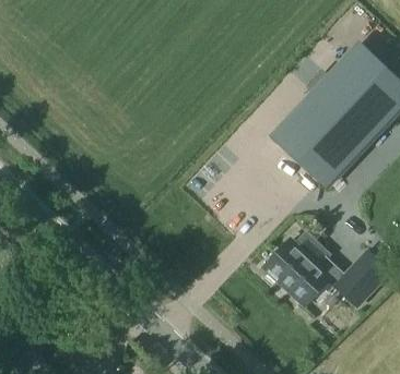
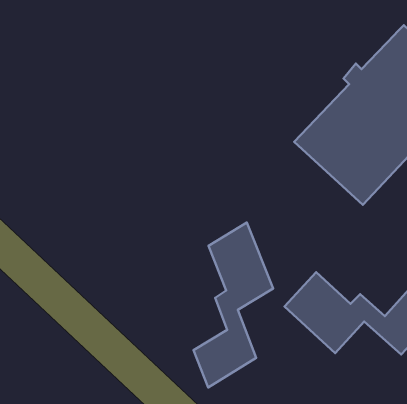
building: none -> [193,222,273,388]

